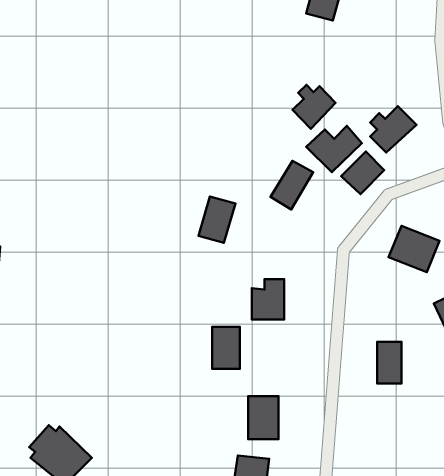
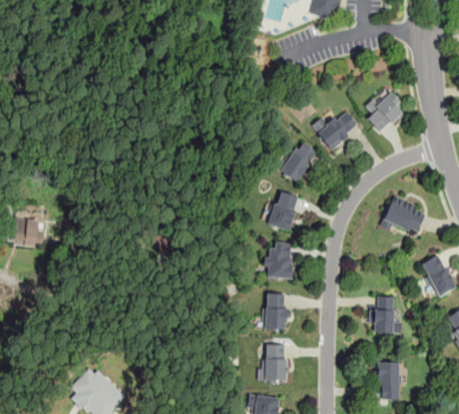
building: [293,85,336,129] -> none
building: [341,152,384,194] -> none
building: [198,196,235,243] -> [268,190,300,231]
building: [212,327,240,369] -> [265,294,289,330]
building: none -> [378,362,400,399]

